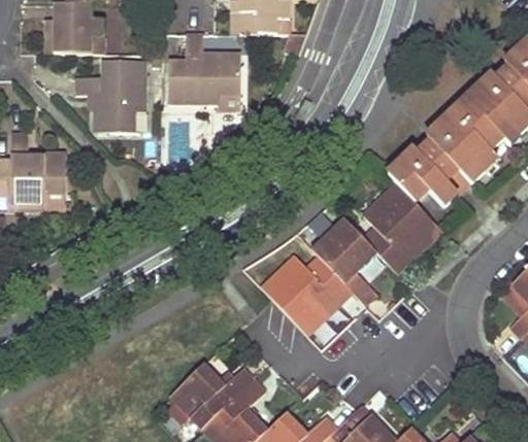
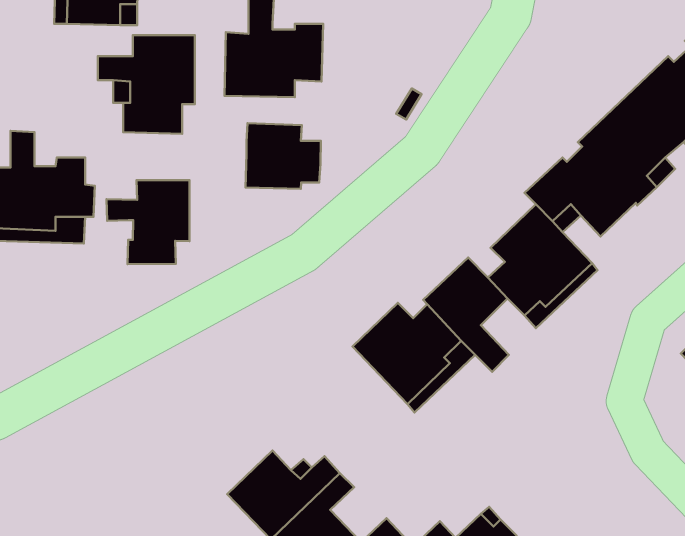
building: none -> [246,123,321,189]
building: none -> [106,180,190,264]

